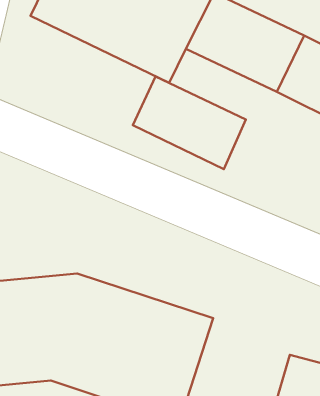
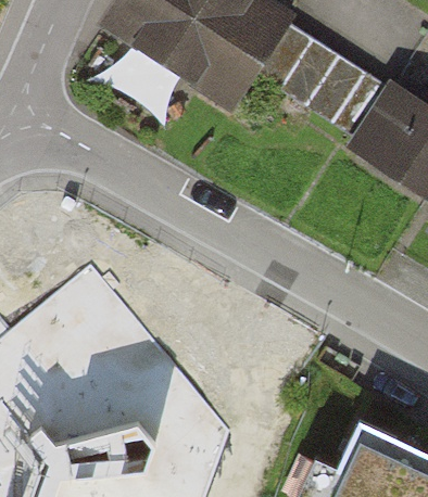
building: [133,76,246,169] -> none

